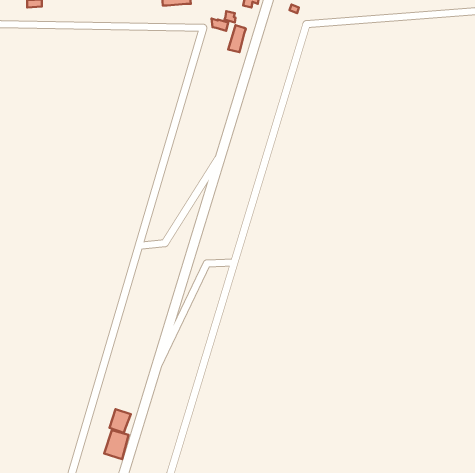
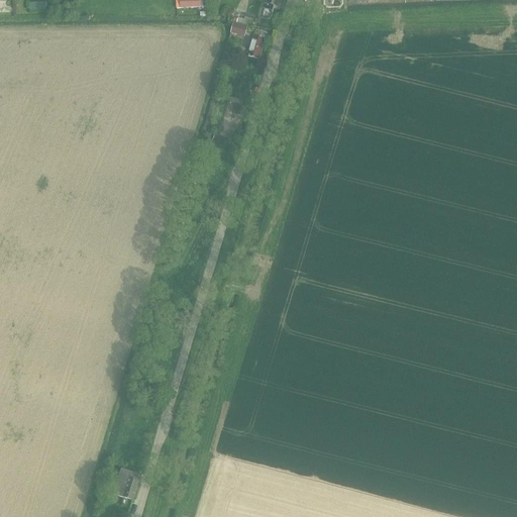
building: [110,409,131,433] -> none

